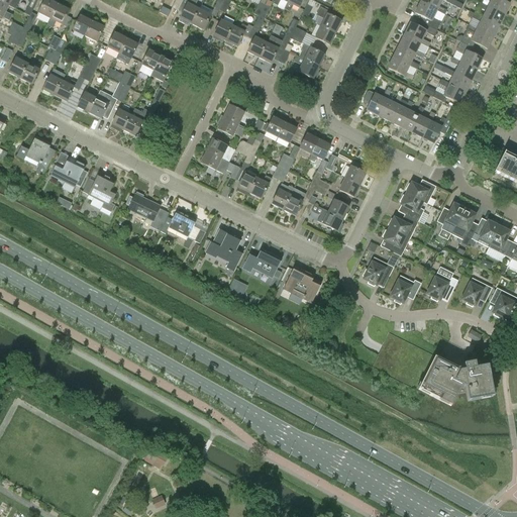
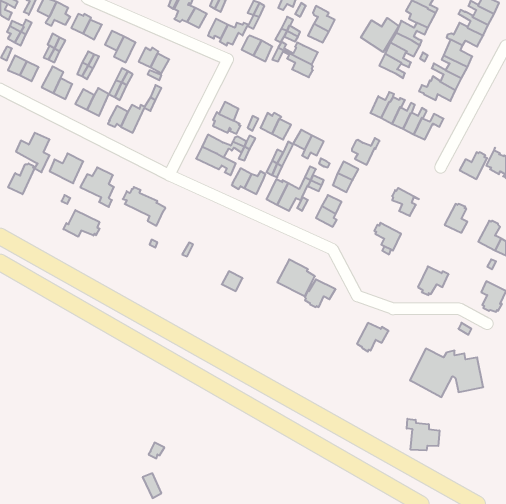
building: none -> [361,18,399,52]
building: [363,88,391,115] -> [352,138,380,165]
building: none -> [8,163,35,194]
building: [405,180,435,203] -> none
building: [436,202,464,229] -> [460,152,487,179]
building: [160,210,205,245] -> none
building: none -> [63,210,100,237]
building: [388,215,418,238] -> none
building: [471,219,499,246] -> none
building: [204,227,243,271] -> none
building: [242,246,282,276] -> none
building: [363,256,394,285] -> [305,279,336,307]
building: [389,275,421,304] -> [357,323,389,352]
building: [460,277,492,306] -> none
building: none -> [407,419,439,450]

